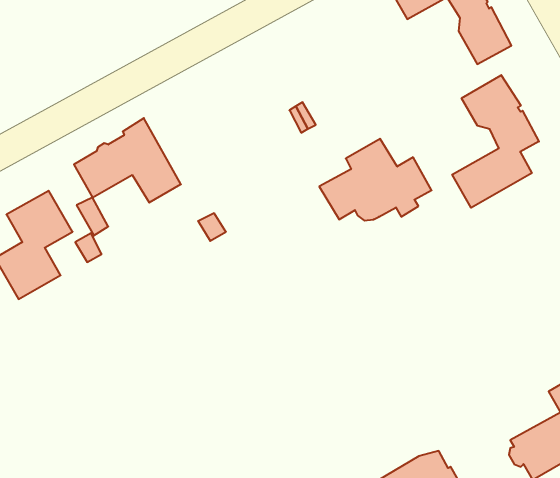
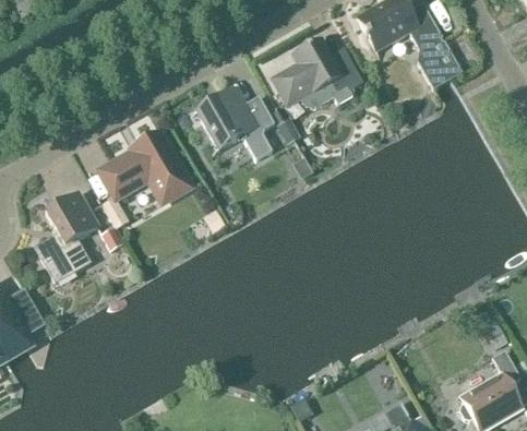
building: none -> [191,87,274,158]
building: [452,75,539,208] -> none
building: [319,139,432,221] -> [271,39,363,107]

